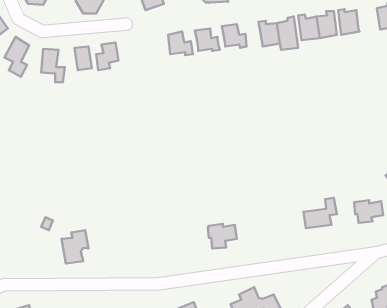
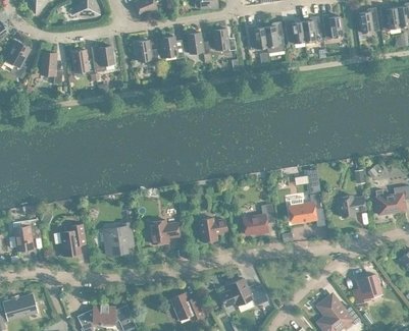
building: none -> [134,40,158,66]
building: none -> [242,204,273,234]
building: none -> [12,219,39,251]
building: none -> [148,220,178,244]
building: none -> [99,223,131,255]

